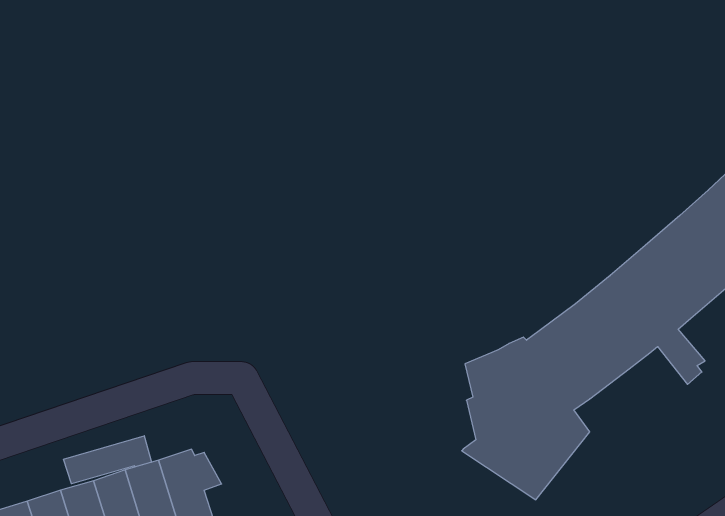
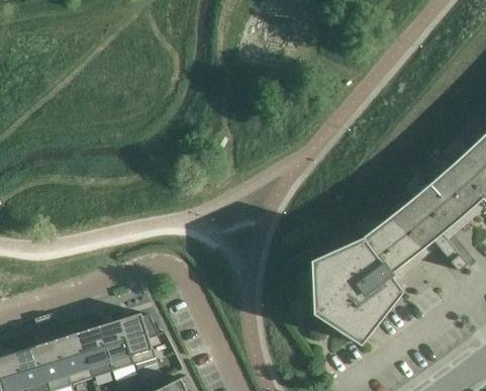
building: [63,436,152,484] -> none

